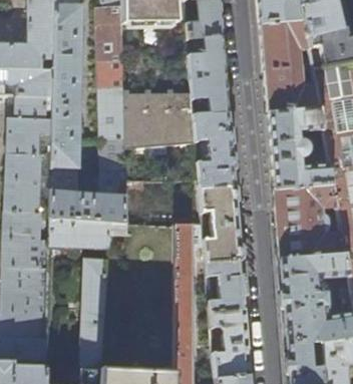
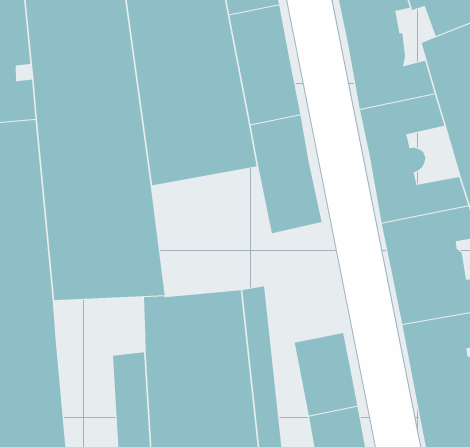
building: [201,185,242,264] -> none
building: [49,218,110,248] -> none

